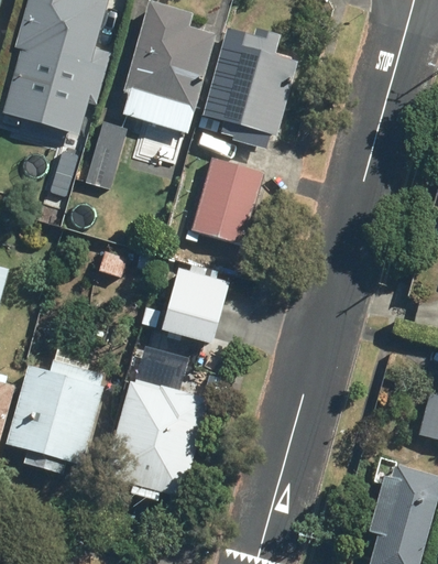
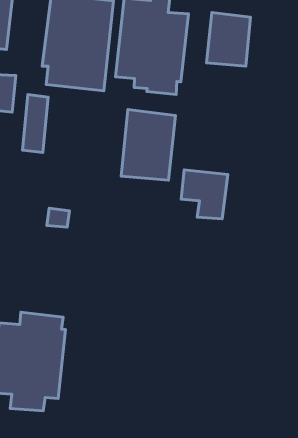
building: none -> [206,12,251,66]
building: [185,275,241,337] -> [181,170,228,219]
building: [105,326,208,501] -> none

